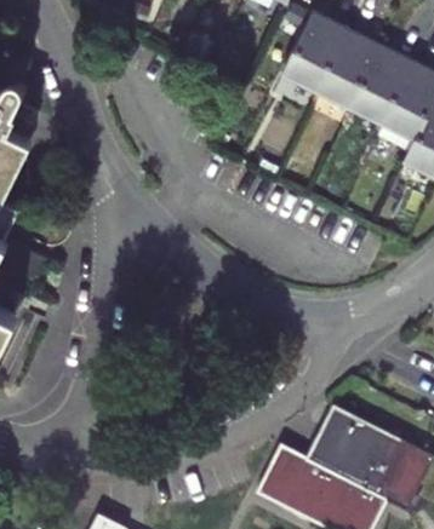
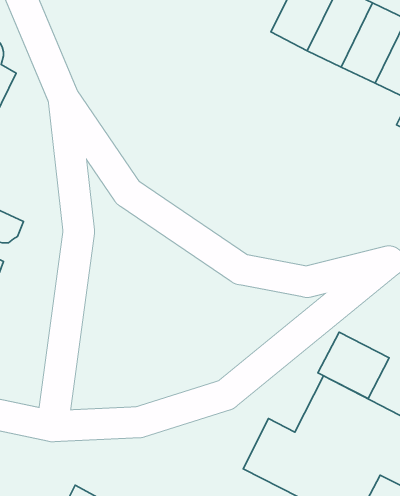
building: none -> [318,332,389,399]

